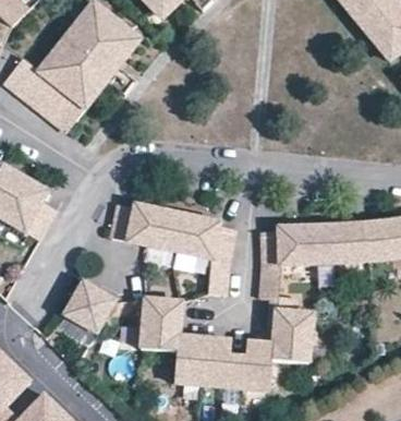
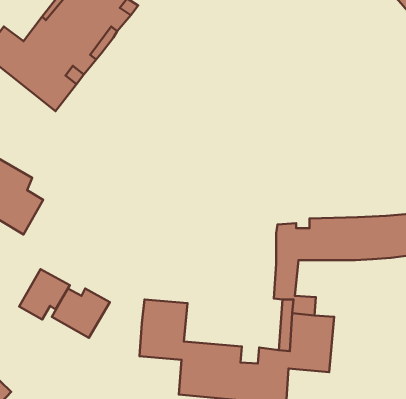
building: [111,203,235,293] -> none
building: none -> [19,269,70,319]

